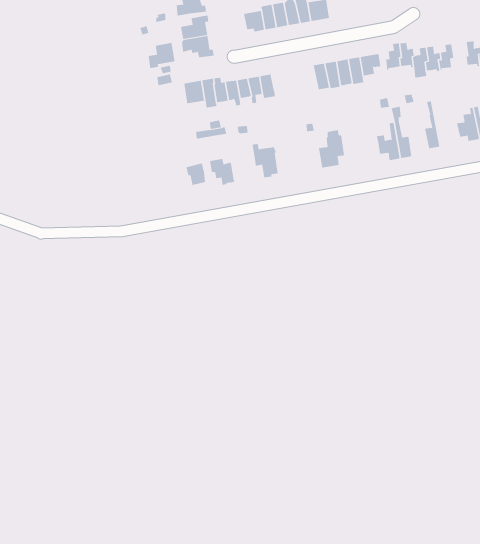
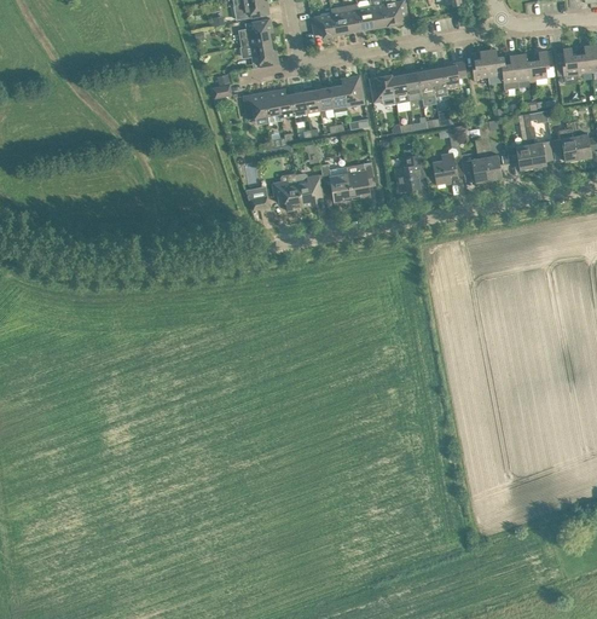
building: [148,42,175,69] -> none
building: none -> [341,75,365,106]
building: none -> [369,75,395,105]
building: none -> [523,114,552,169]
building: none -> [431,127,462,184]
building: none -> [347,162,375,198]
building: none -> [296,173,321,207]

